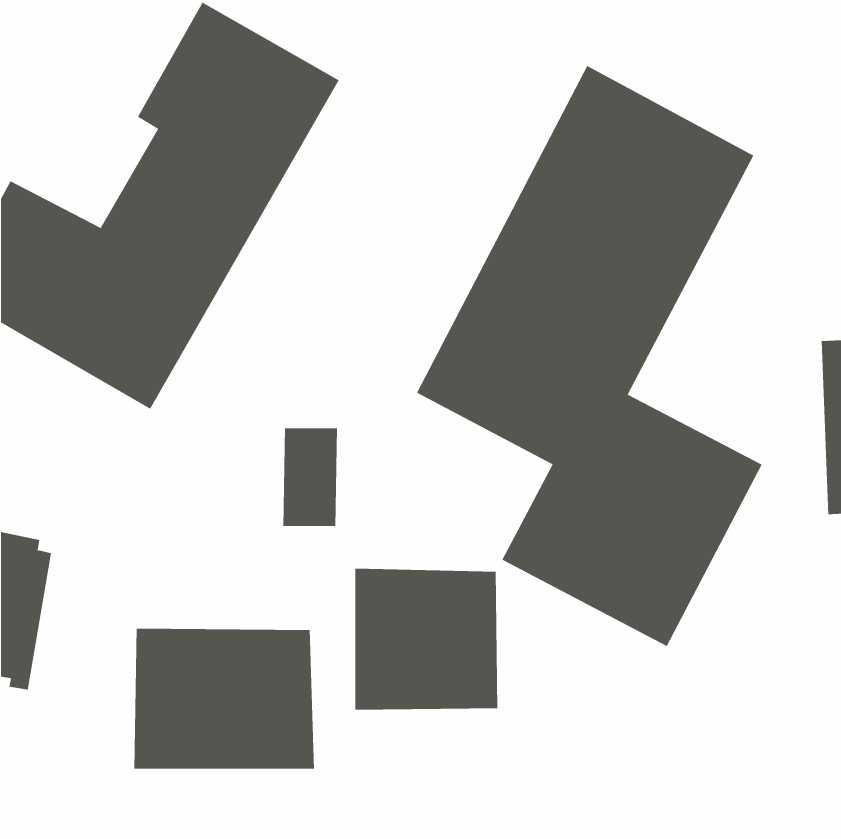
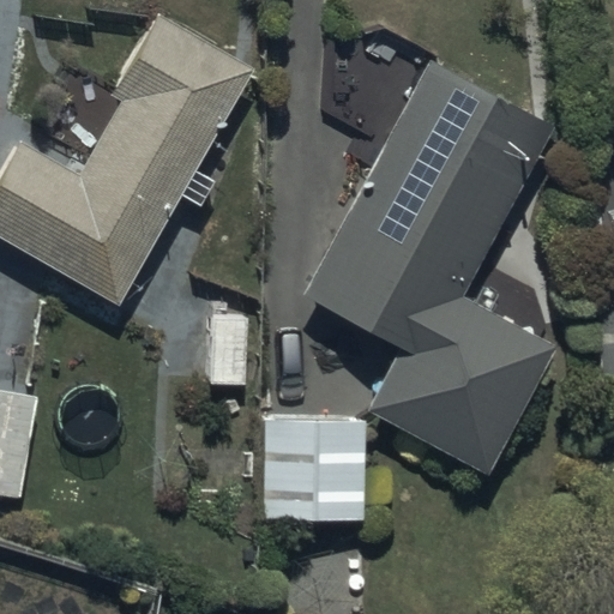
building: [134,628,314,769] -> none

